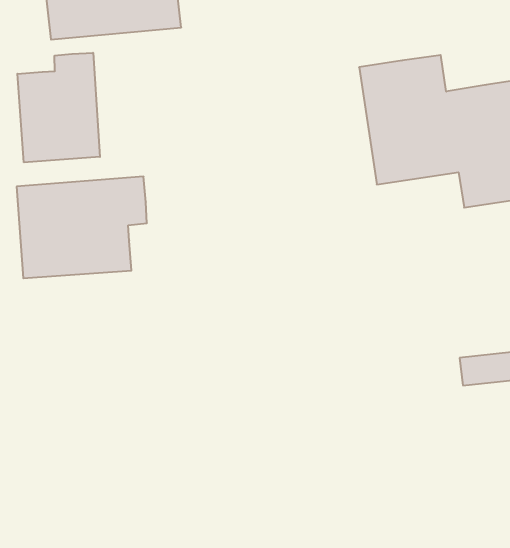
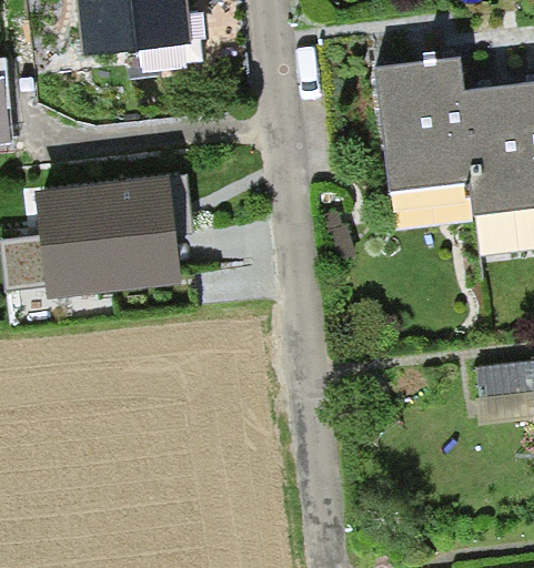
building: [17,53,100,162] -> none

